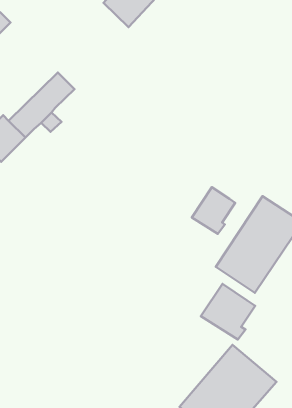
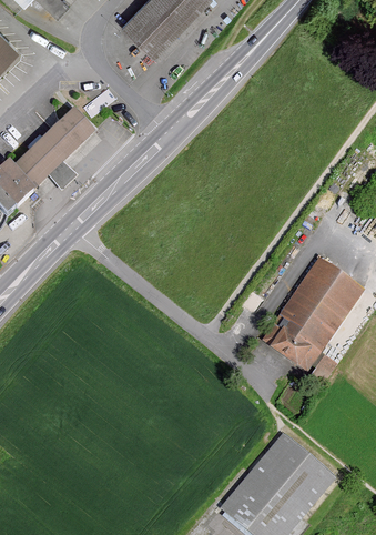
building: [192,187,235,234] -> none
building: [201,284,255,340] -> none

